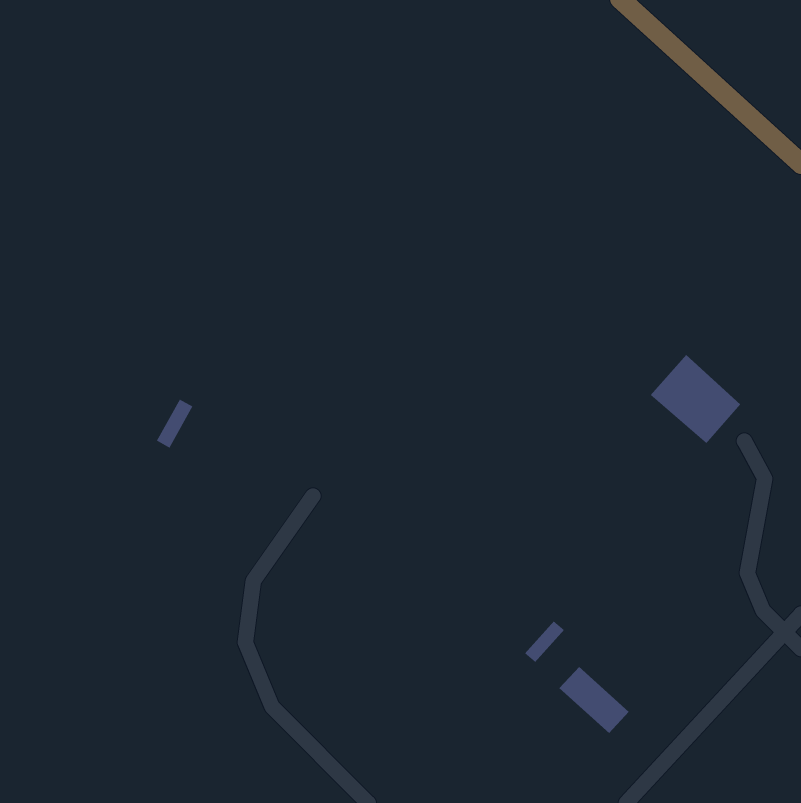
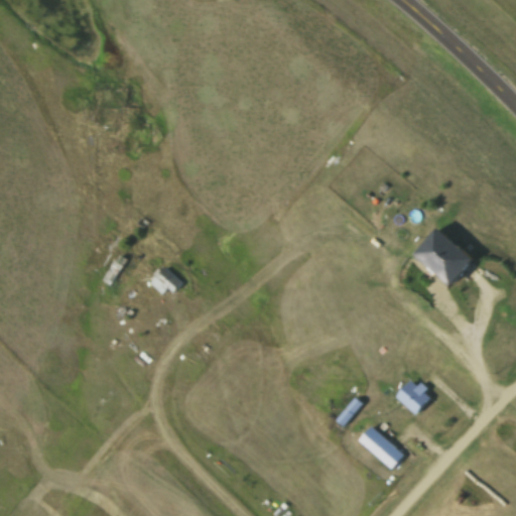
building: none -> [148,268,178,293]
building: none -> [395,381,428,414]

